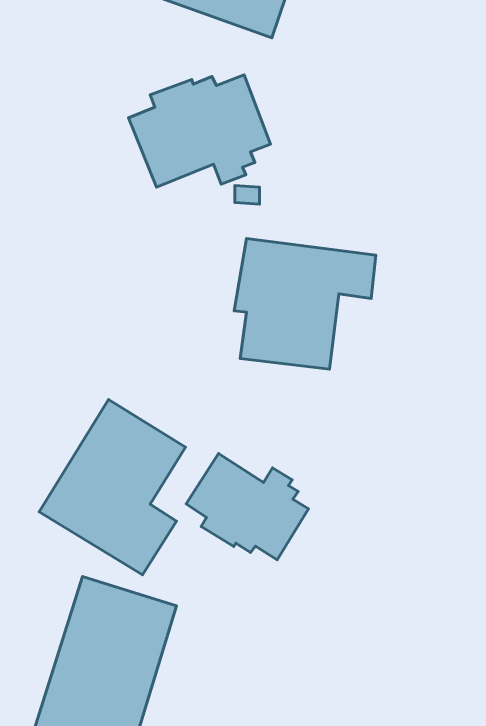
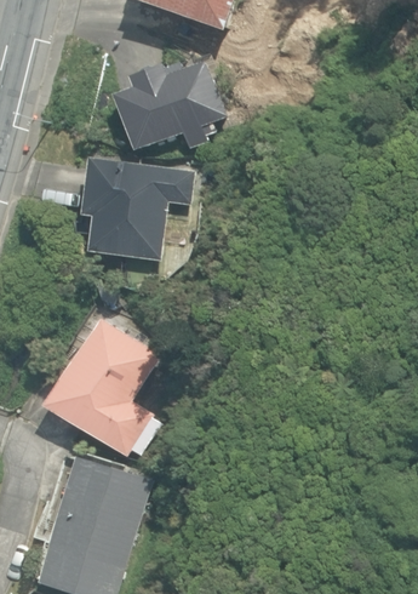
building: [234,238,376,369] -> [82,156,194,259]
building: [186,454,309,560] -> none

